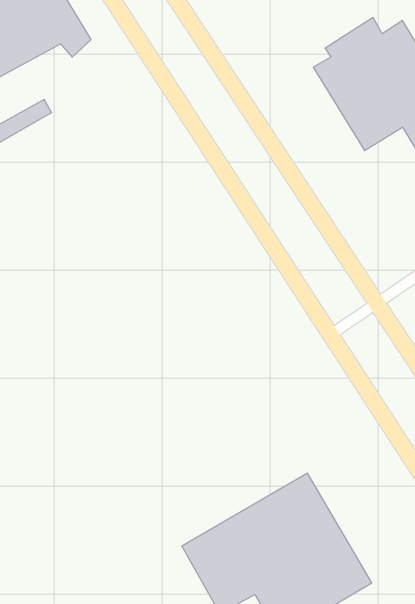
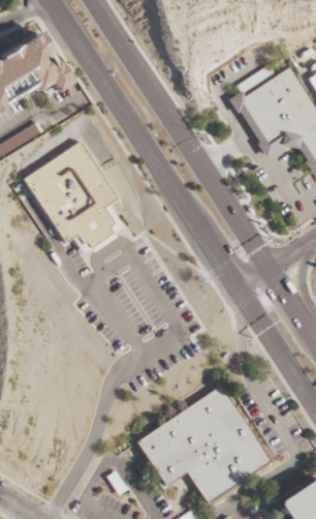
building: none -> [24,141,125,251]

